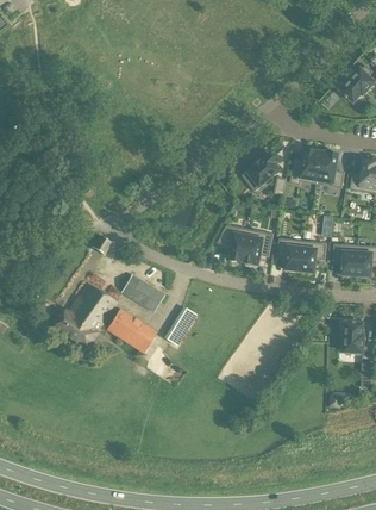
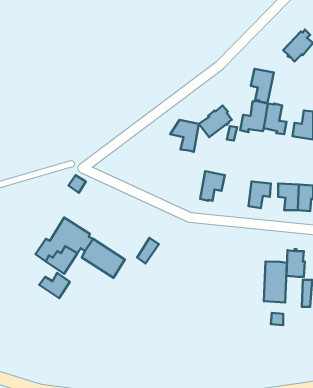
building: none -> [251,69,274,103]
building: [217,224,250,261] -> [170,120,199,152]
building: [278,237,303,269] -> none
building: [127,278,164,311] -> none
building: none -> [264,261,287,302]
building: none -> [39,273,70,298]

